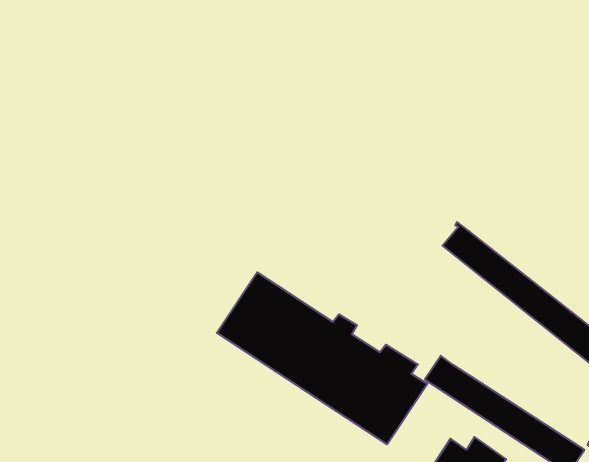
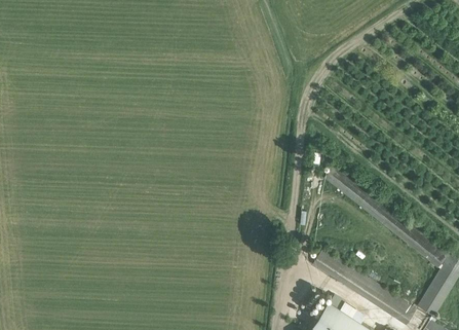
building: [217,272,427,444] -> none

